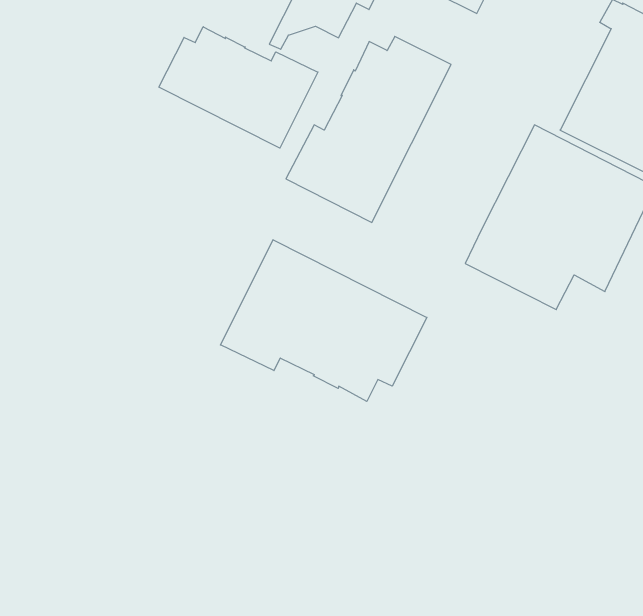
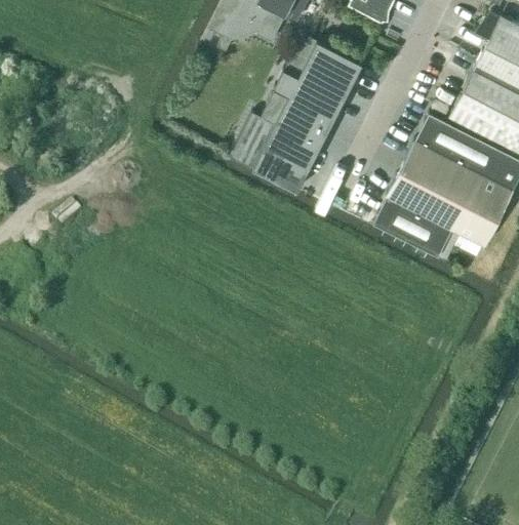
building: [159,27,318,148] -> none
building: [220,240,427,401] -> none

